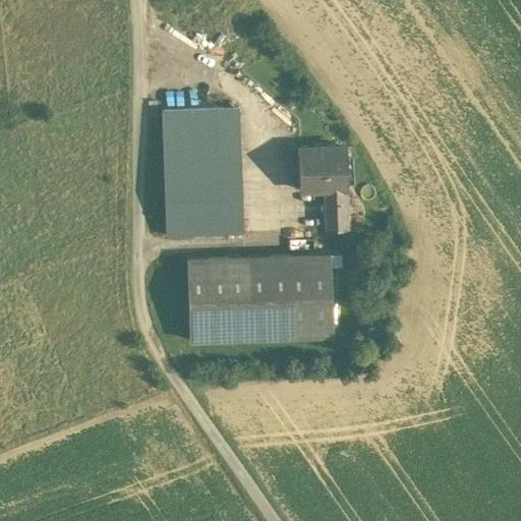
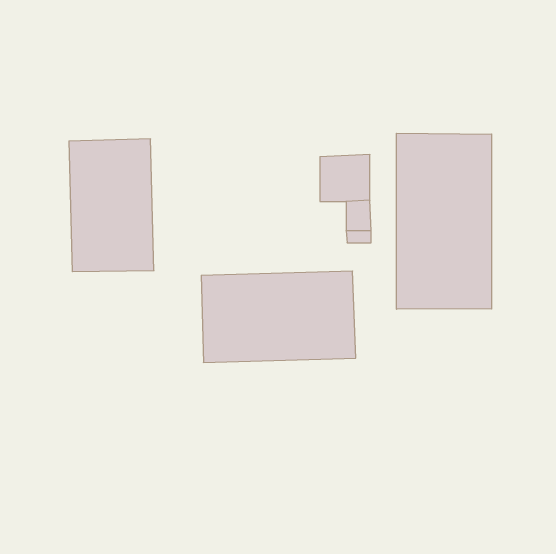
building: [164,112,243,236] -> [69,139,154,272]
building: none -> [397,133,492,309]

